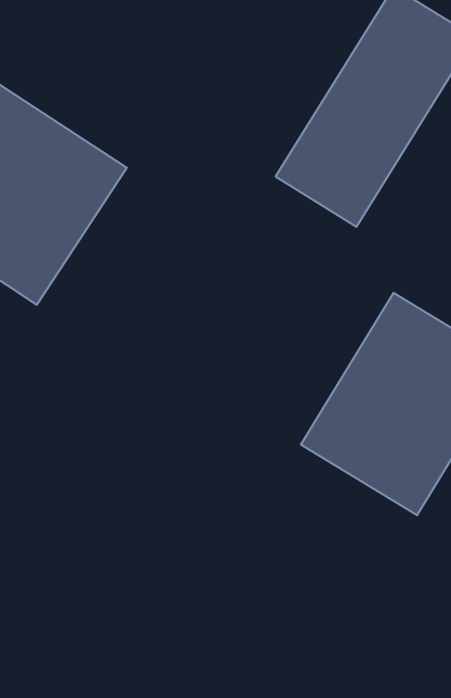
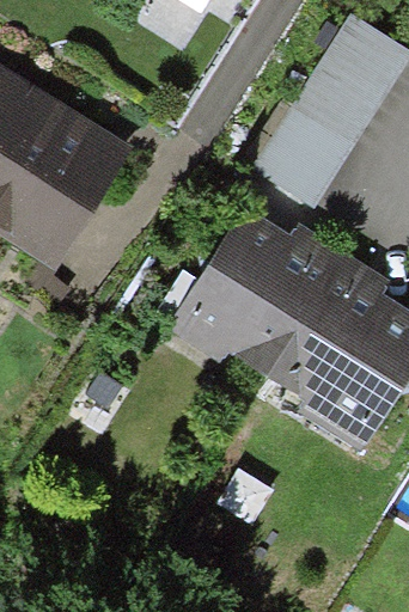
building: none -> [177,201,348,381]

